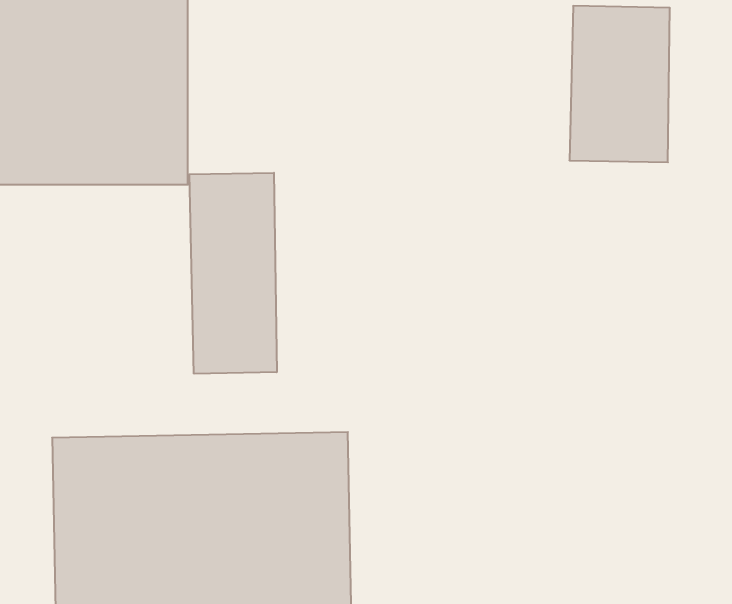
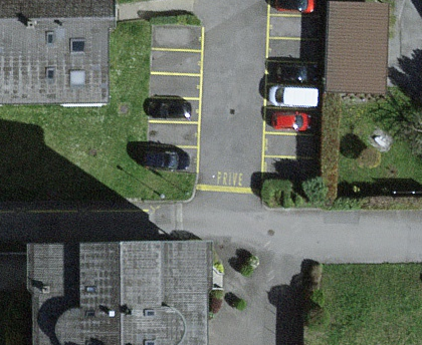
building: [189,173,277,374] -> none

